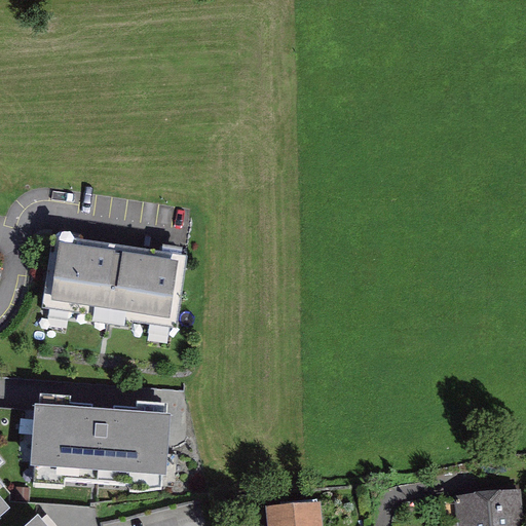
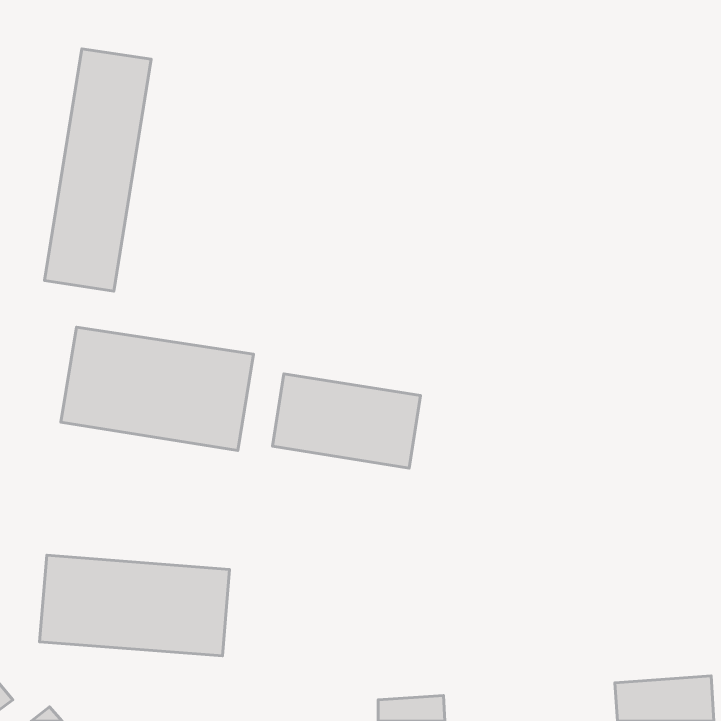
building: none -> [45,49,151,291]
building: none -> [272,374,420,468]

